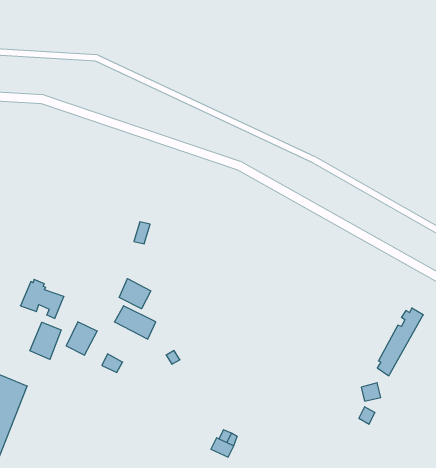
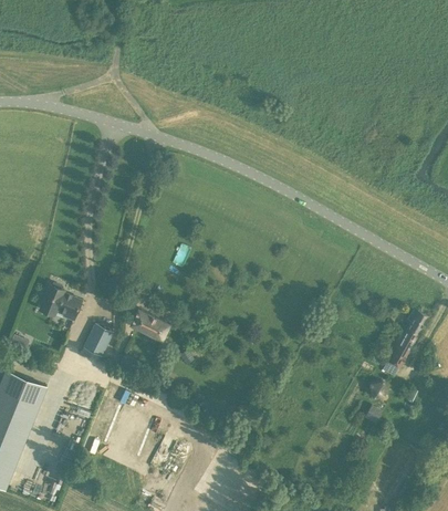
building: [119,279,151,309] -> none
building: [30,322,61,359] -> none

